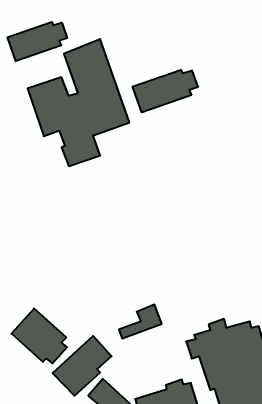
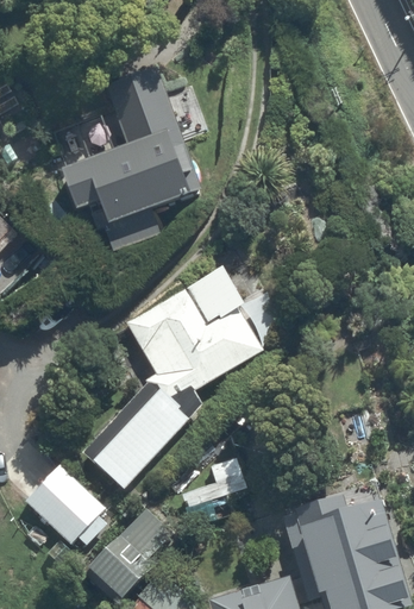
building: [7,22,67,61] -> none
building: [133,70,198,112] -> none
building: none -> [83,264,283,491]

